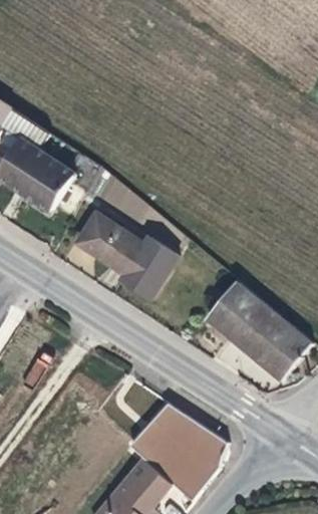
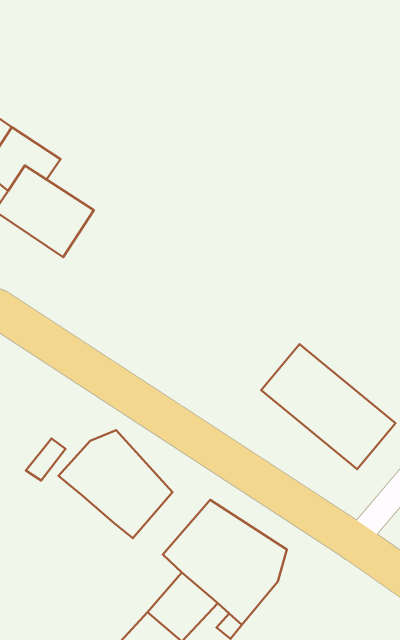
building: [77,213,176,297] -> none
building: none -> [58,430,173,538]

